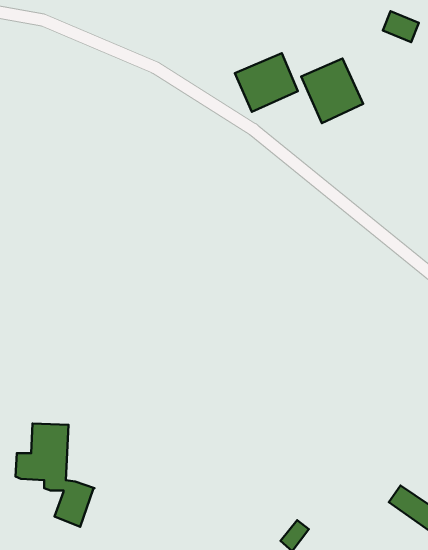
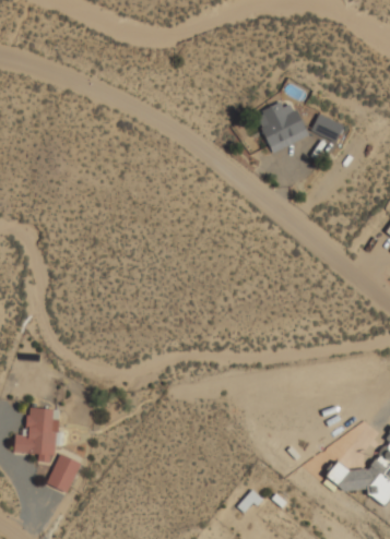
building: [383,11,419,42] -> [312,113,343,140]
building: [235,53,298,112] -> none

